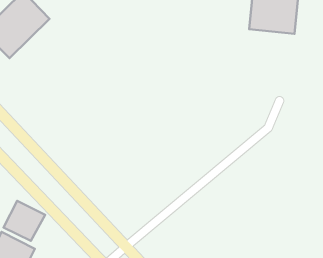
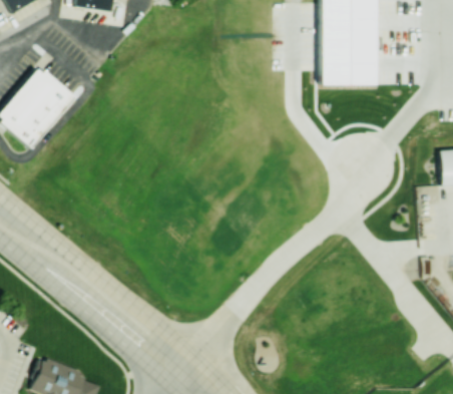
building: [3,201,45,241] -> none

